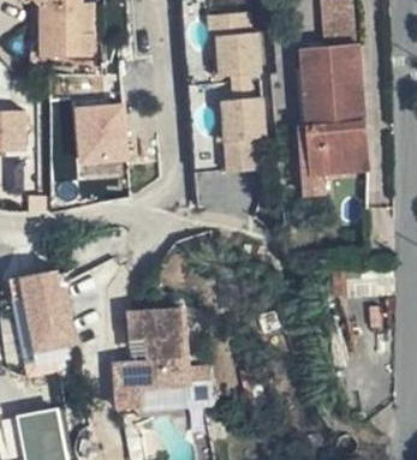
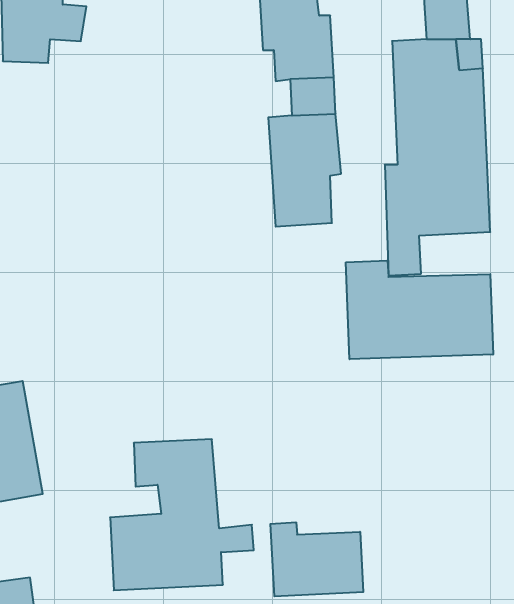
building: [77,103,130,165] -> none
building: none -> [346,260,493,359]
building: none -> [270,522,363,596]

